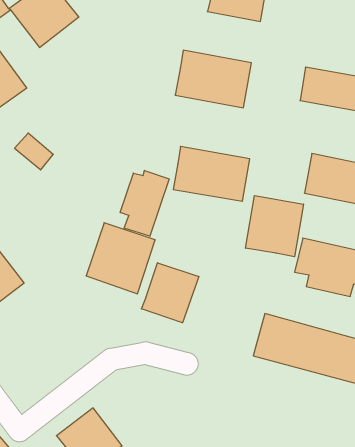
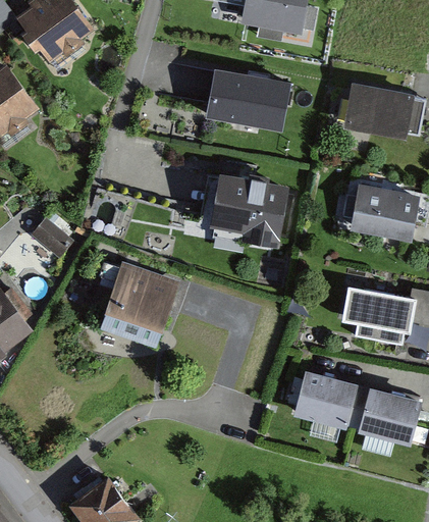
building: [15,133,53,170] -> [30,217,73,259]
building: [120,170,169,236] -> none
building: [246,196,303,257] -> none
building: [141,263,199,323] -> none

